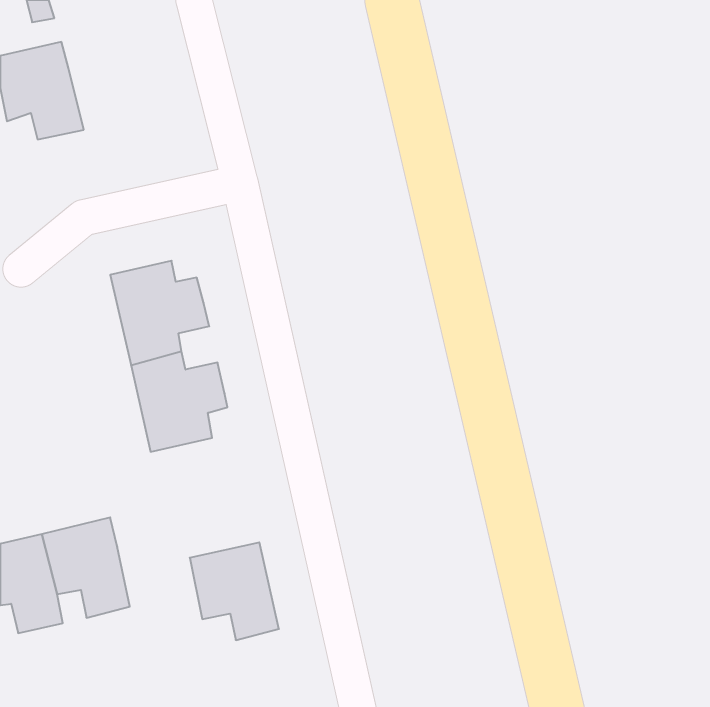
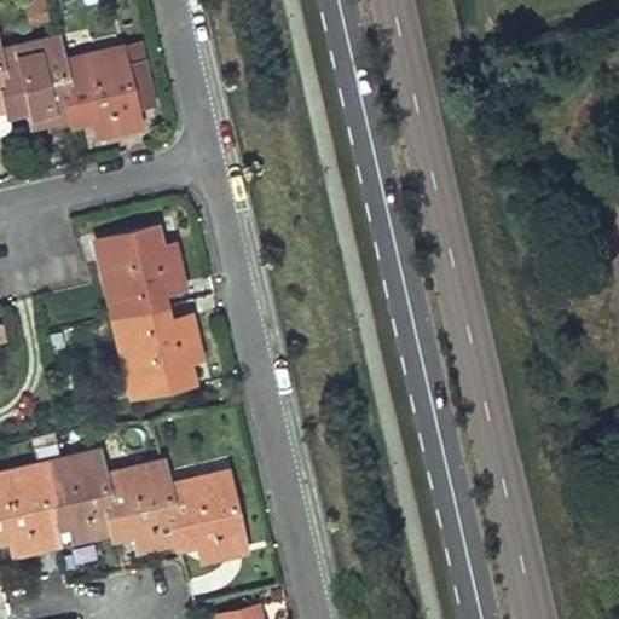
building: none -> [62,46,156,135]
building: none -> [104,464,178,551]

